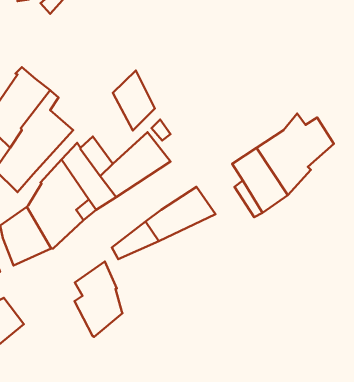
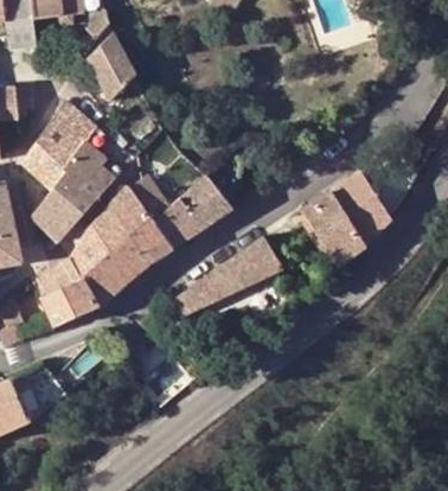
building: [113,71,155,130] -> [87,34,134,102]
building: [74,262,122,337] -> none

